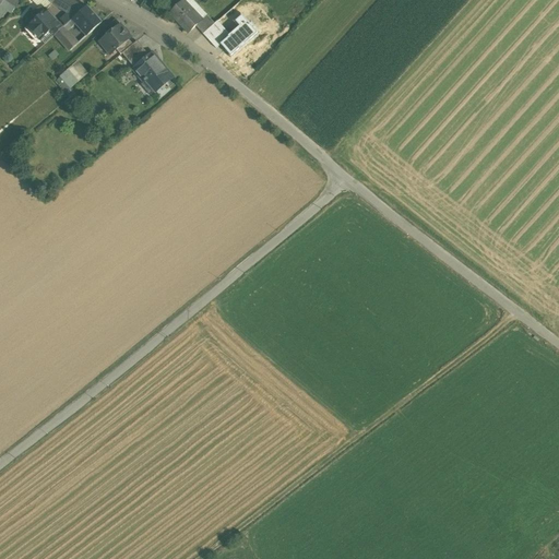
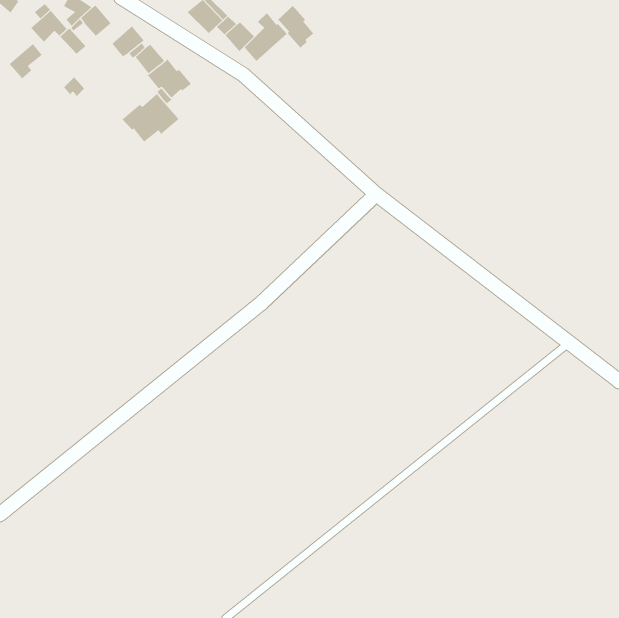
building: none -> [277,5,314,49]
building: none -> [9,43,43,79]
building: none -> [122,93,179,142]

